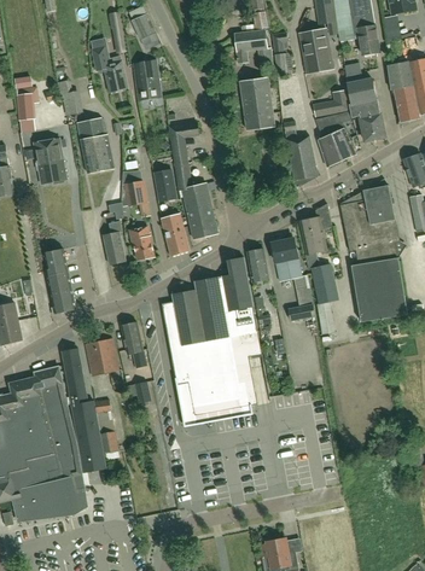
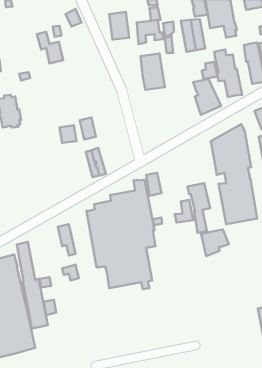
building: [133,59,162,99] -> [109,12,129,39]
building: [77,118,115,173] -> none
building: [283,121,316,180] -> none
building: [169,122,217,238] -> none
building: [299,204,331,254] -> none
building: [103,221,126,264] -> none
building: [132,227,155,261] -> none
building: [272,238,302,280] -> none
building: [43,247,75,313] -> none
building: none -> [201,229,229,256]
building: [86,339,120,375] -> none

